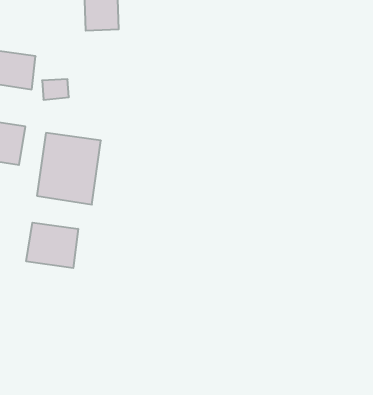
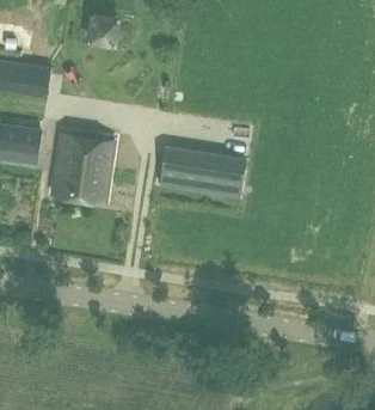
building: none -> [159,147,245,198]
building: [26,223,78,268] -> none

